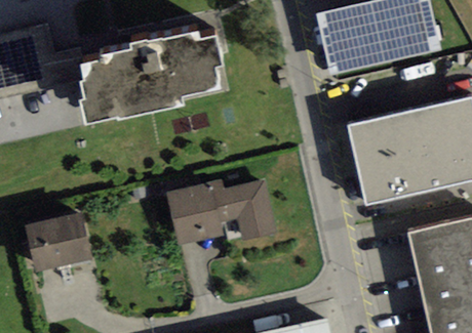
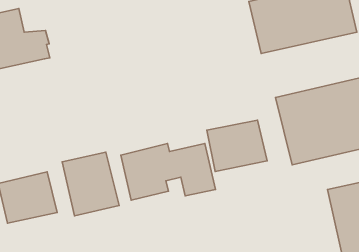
building: [79,31,224,125] -> none
building: none -> [207,120,267,171]
building: none -> [62,152,119,216]

